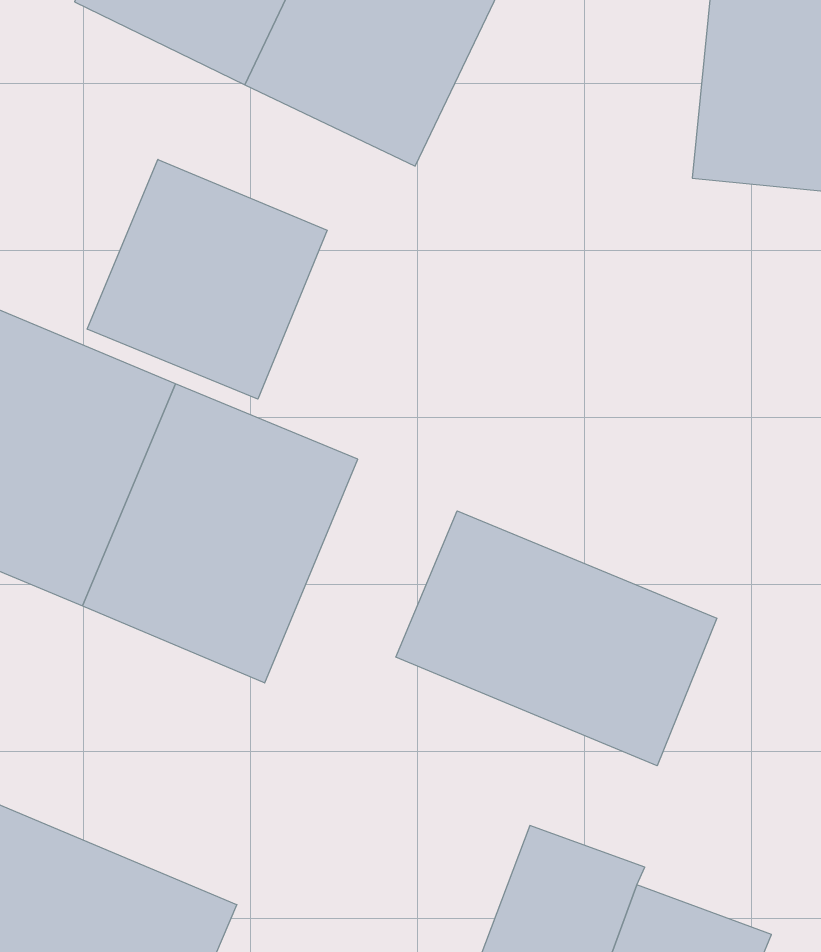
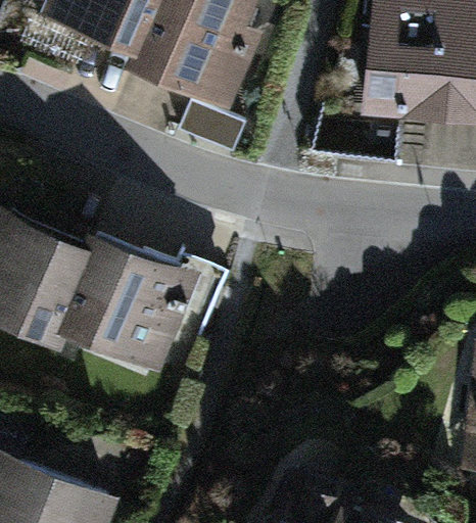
building: [87,159,327,399] -> none
building: [396,511,717,766] -> none

